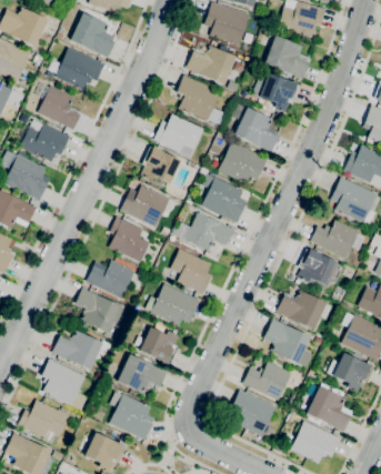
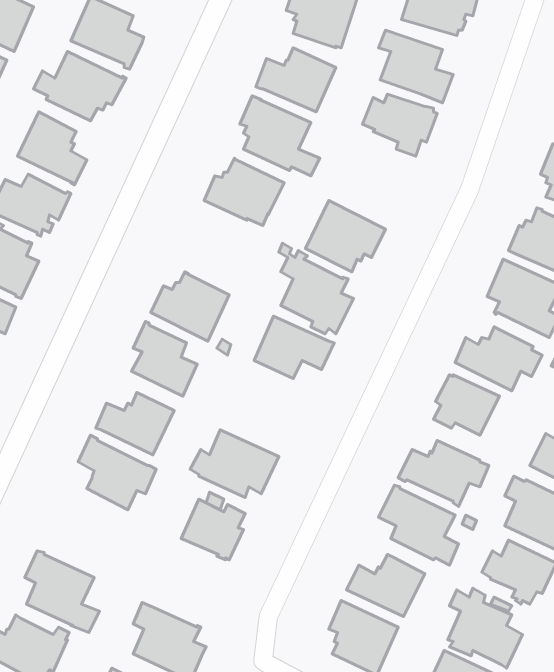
building: [230,101,280,152] -> none
building: [141,145,181,184] -> none
building: [168,249,213,294] -> none
building: [52,330,103,370] -> none
building: [118,354,168,394] -> none

